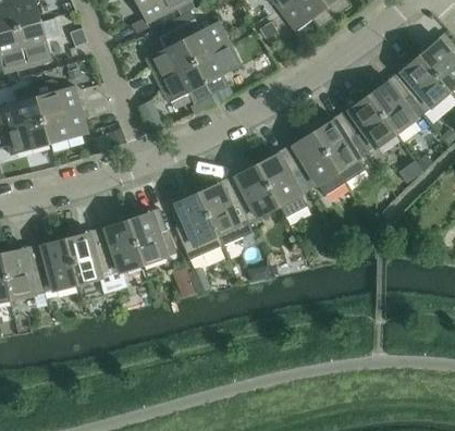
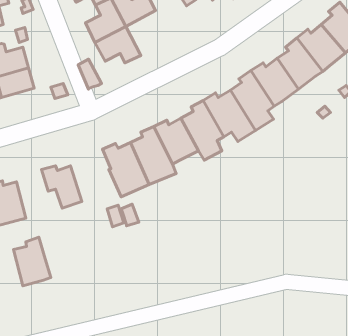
building: [195,42,242,95] -> none
building: [131,207,177,264] -> none
building: [67,227,111,284] -> [14,237,51,286]

